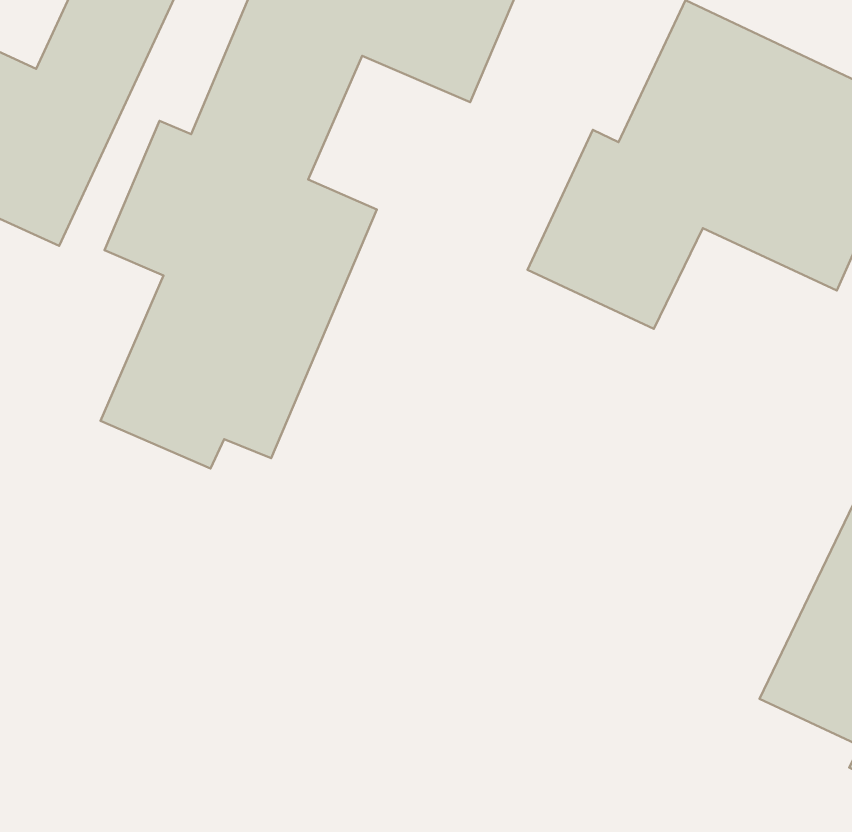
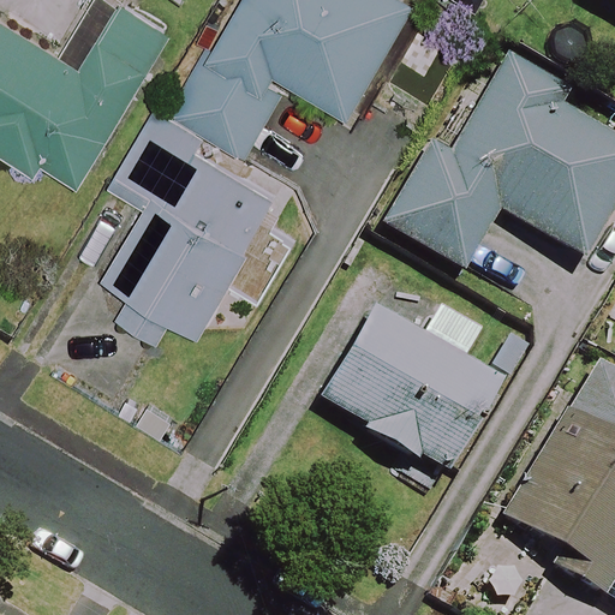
building: none -> [320,305,496,473]

